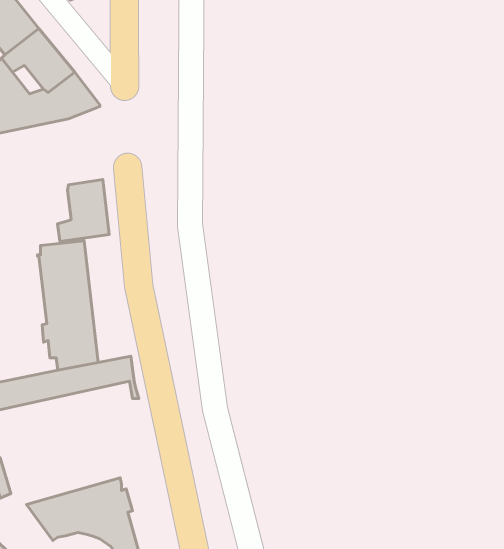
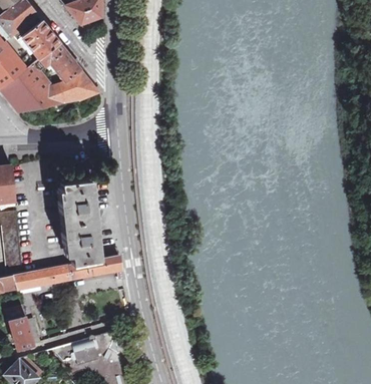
building: [57,180,109,241] -> none

